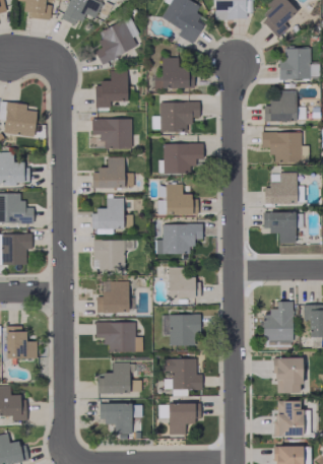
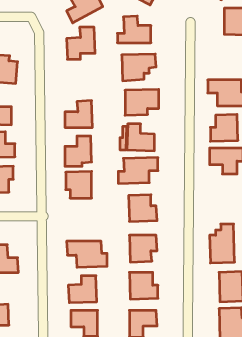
building: [264,90,297,122] -> none
building: [91,119,132,148] -> none
building: [96,280,129,313] -> none

